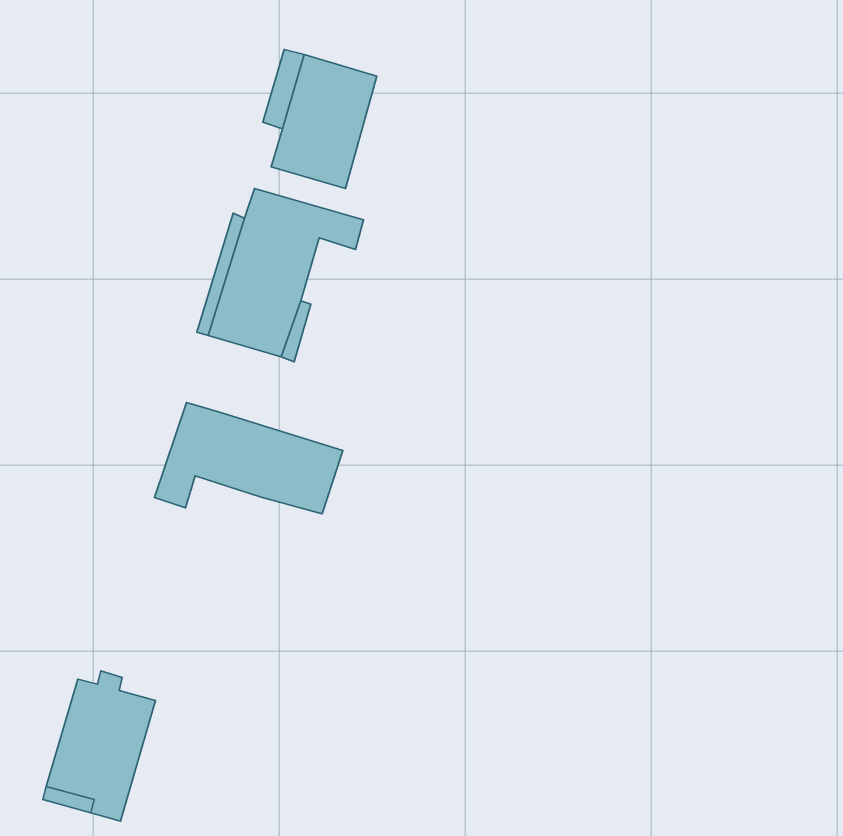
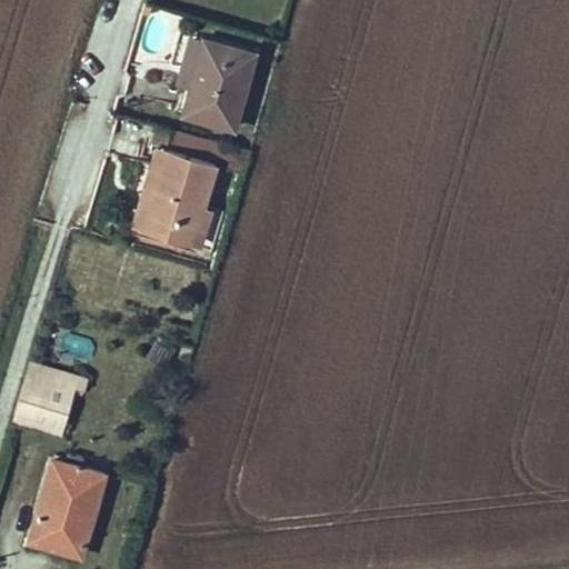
building: [155,403,343,514] -> none
building: none -> [13,368,87,436]

